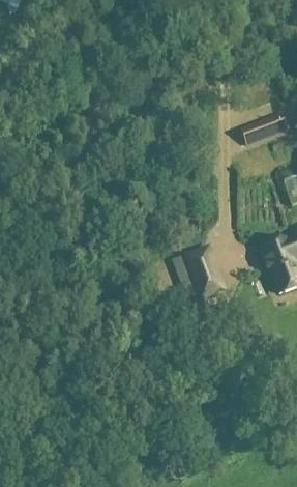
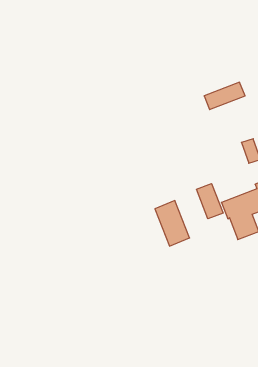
building: none -> [196,184,223,219]

